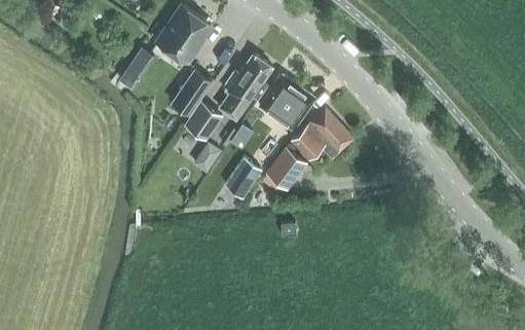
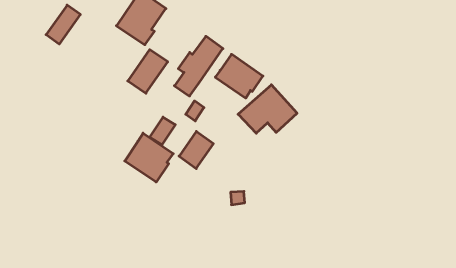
building: [120,45,157,87] -> [46,5,80,44]
building: [183,102,222,141] -> none
building: [266,147,305,187] -> none
building: none -> [125,133,173,182]

